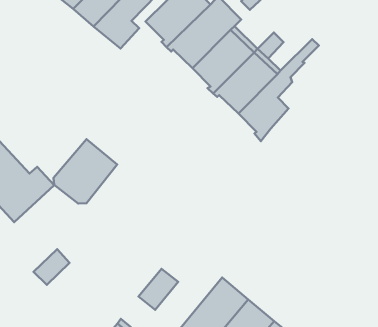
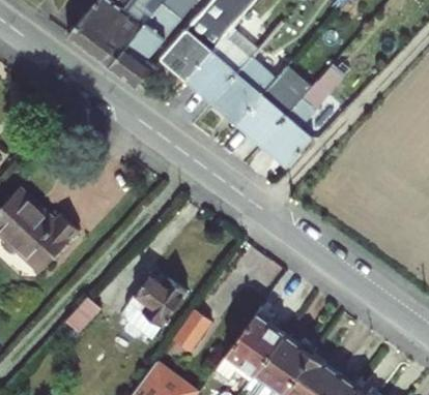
building: [53,139,117,204] -> [121,269,185,335]

